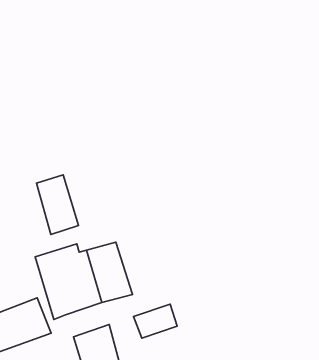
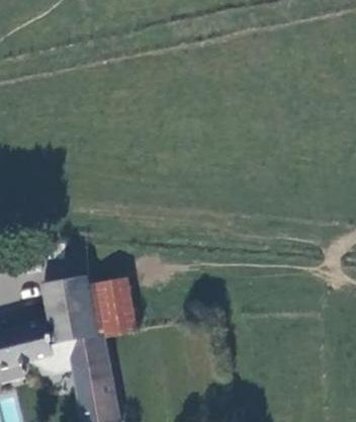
building: [36,175,78,234] -> none
building: [134,304,177,338] -> [69,335,108,363]

